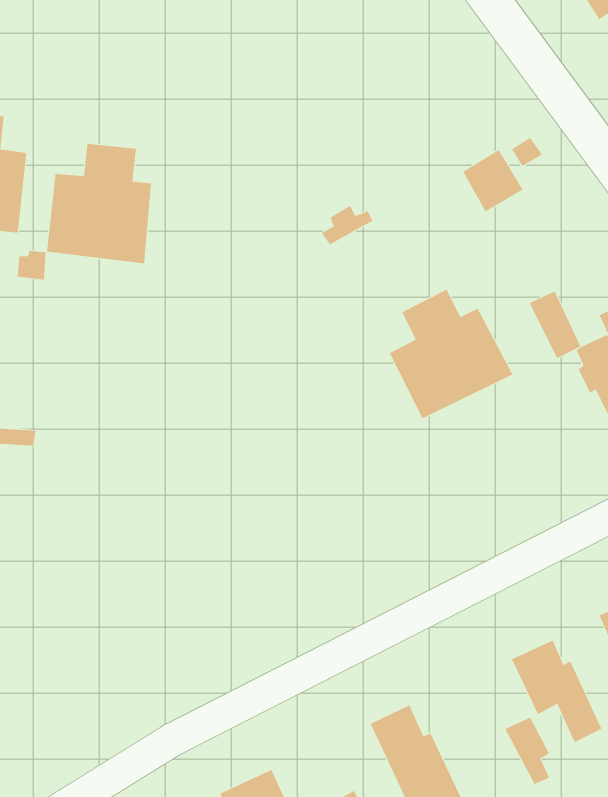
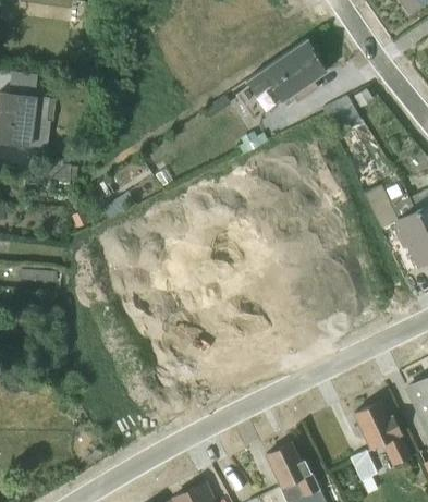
building: none -> [246,41,327,103]
building: [47,143,152,264] -> none
building: [389,289,513,419] -> none

